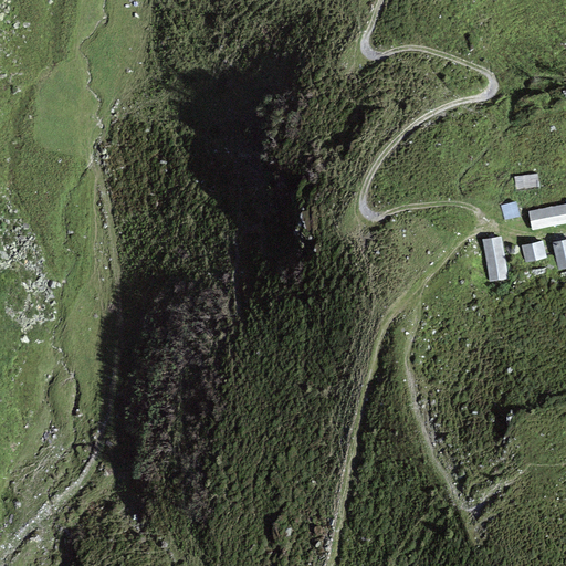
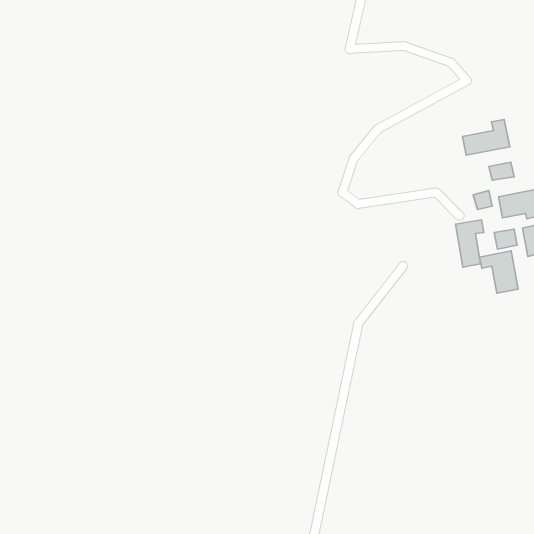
building: none -> [463,119,510,155]
building: none -> [480,251,518,293]

